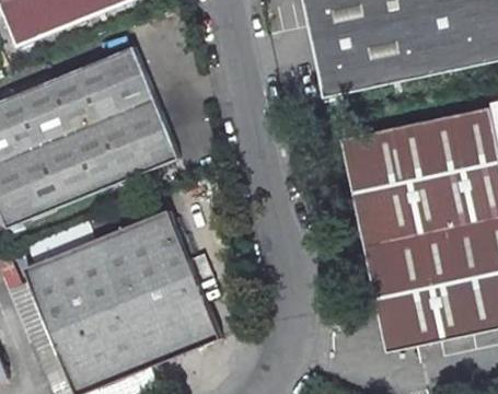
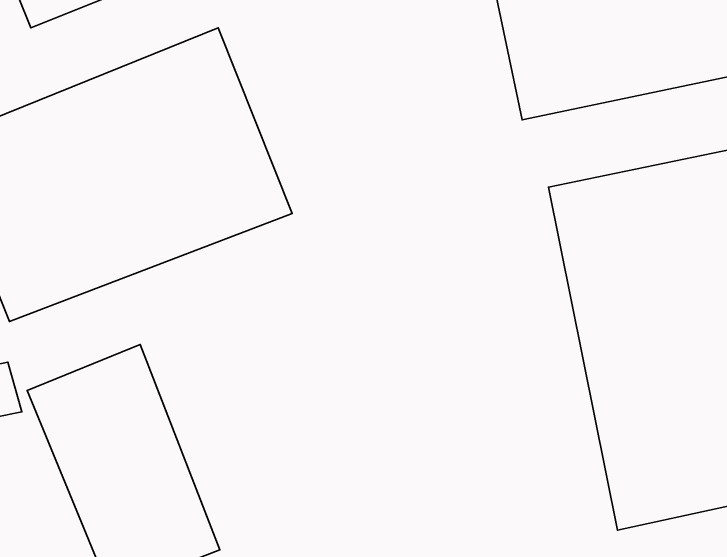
building: [90,208,215,366] -> none

